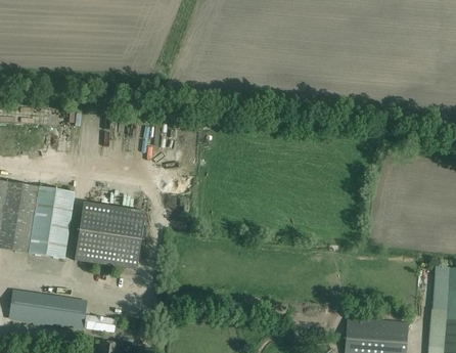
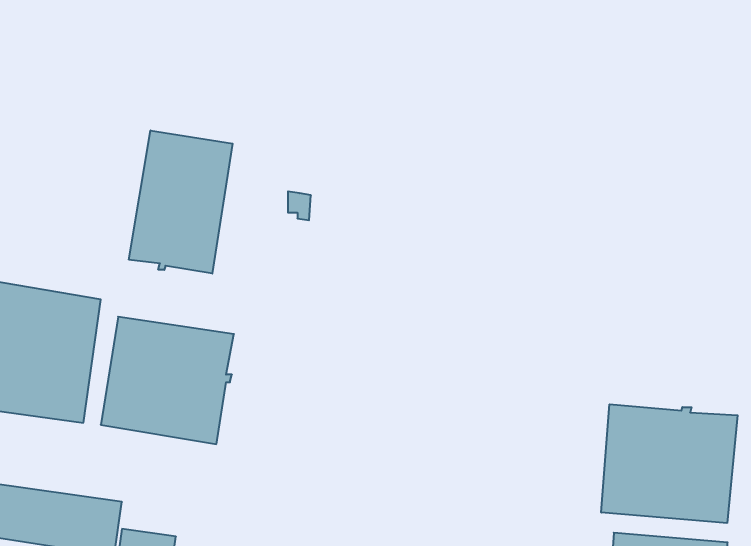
building: none -> [129,130,233,274]
building: none -> [601,404,738,523]

